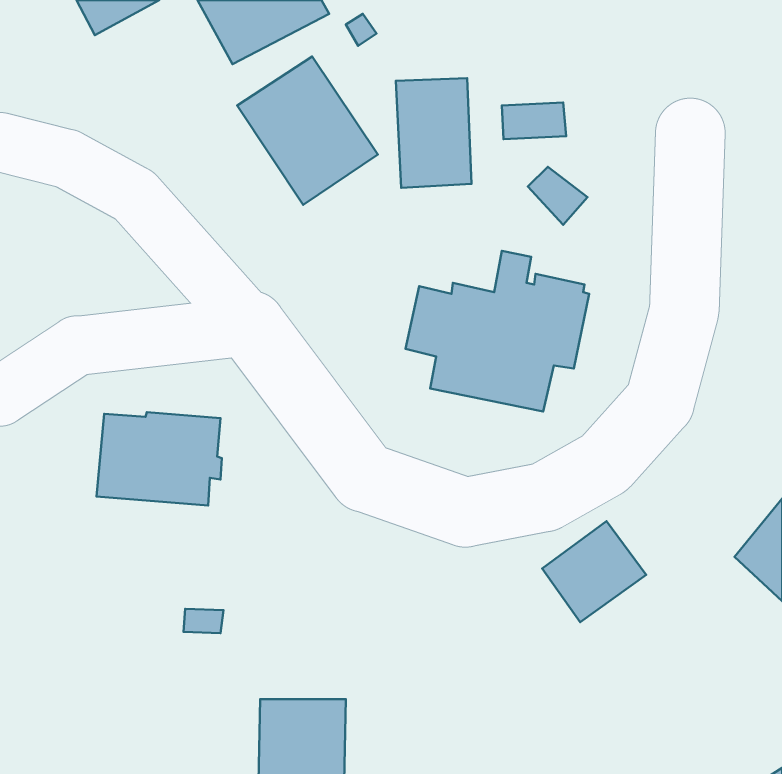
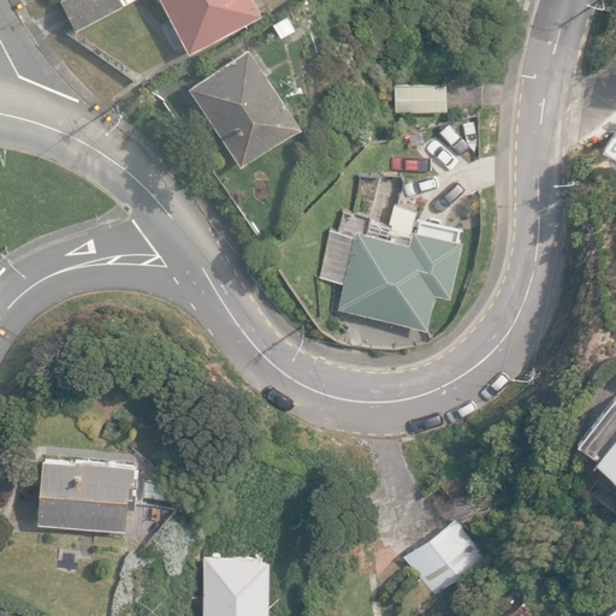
building: [396,78,472,188] -> none
building: [96,412,222,506] -> [38,458,137,532]
building: [542,521,646,622] -> [401,515,482,594]

